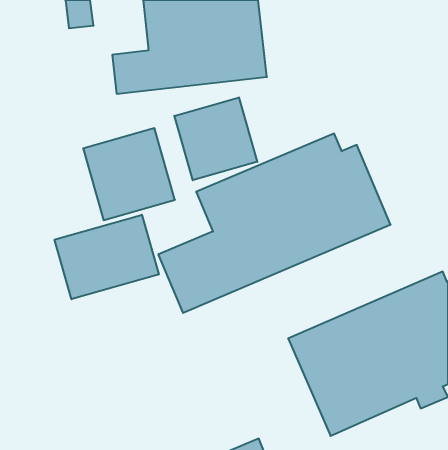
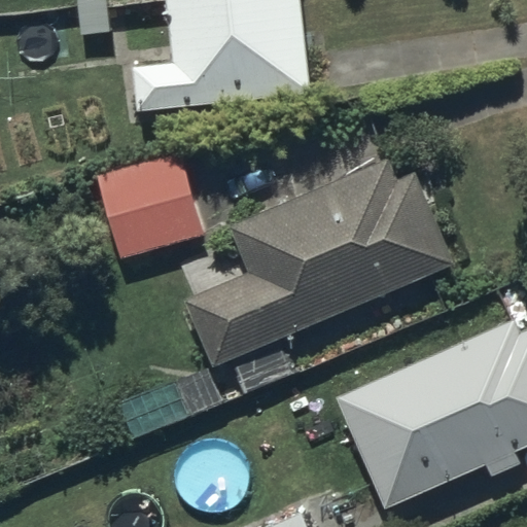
building: [174,97,257,180] -> none
building: [55,215,159,299] -> none

